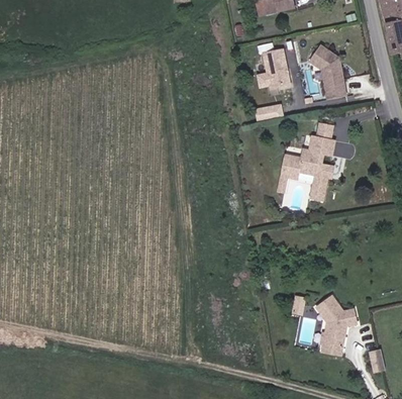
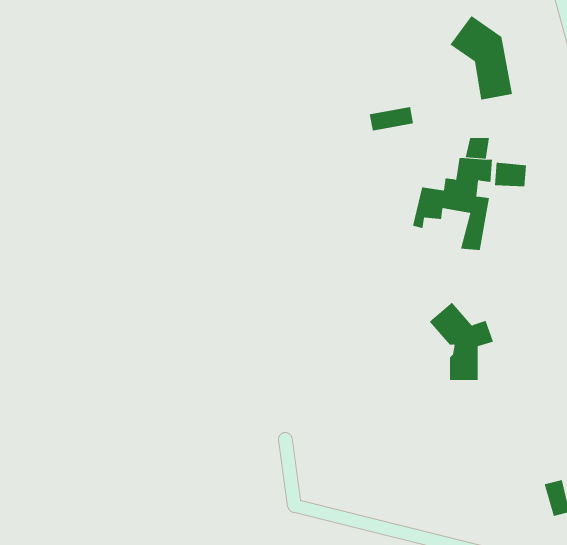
building: [254,48,289,90] -> none
building: [313,293,356,344] -> [429,302,494,381]

